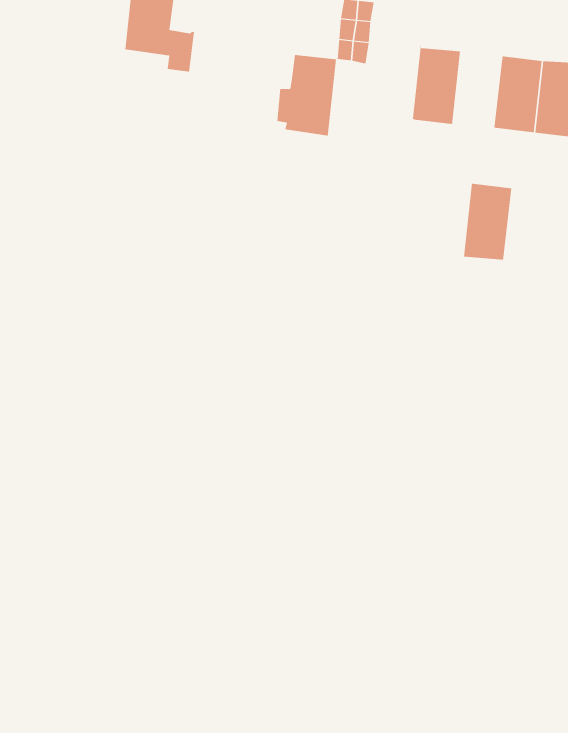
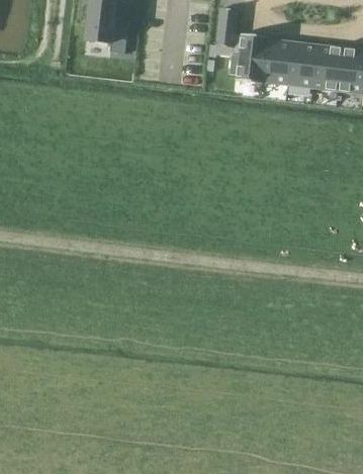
building: [276,54,337,136] -> [231,33,268,84]
building: [463,183,512,260] -> [288,40,319,88]

